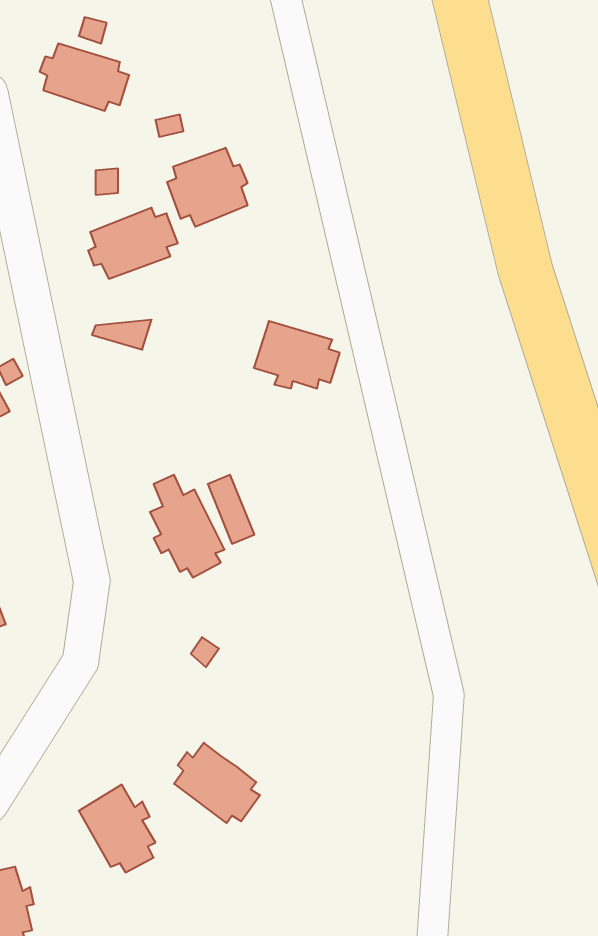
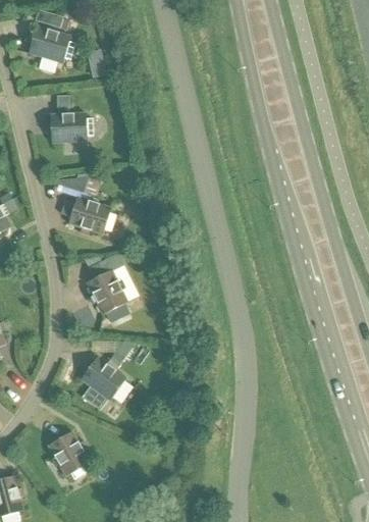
building: [167,148,247,227] -> none
building: [254,321,340,388] -> [69,196,116,232]
building: [174,743,260,823] -> [82,355,128,399]

